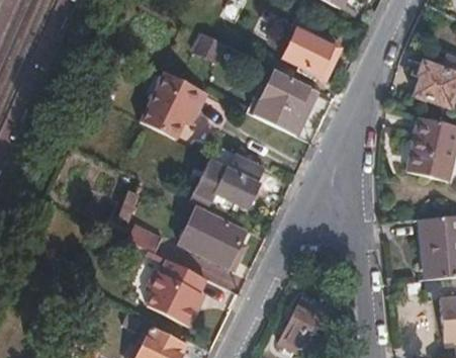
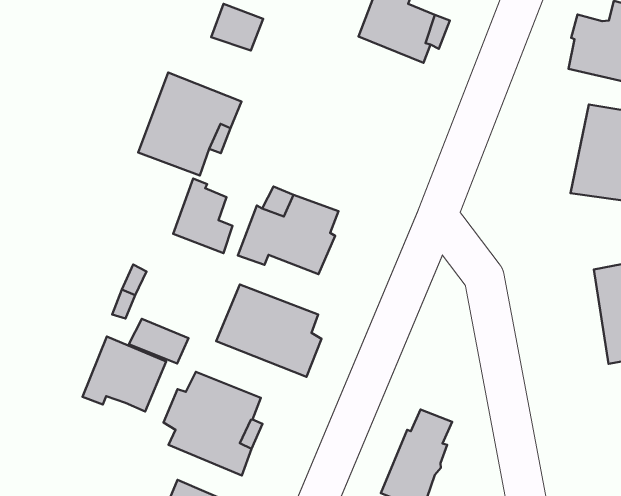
building: [251,69,314,133] -> none
building: none -> [173,179,232,253]
building: none -> [83,336,166,412]

